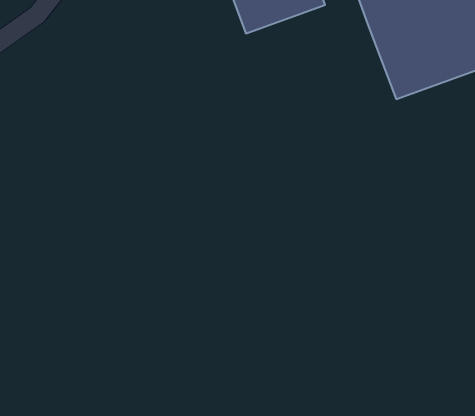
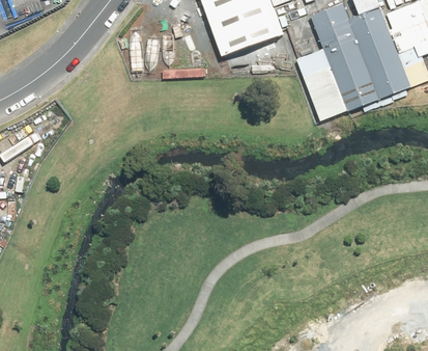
building: none -> [293,52,343,119]

